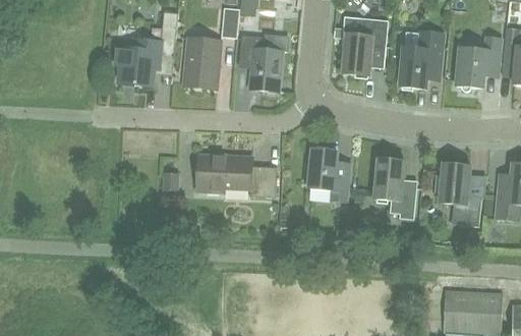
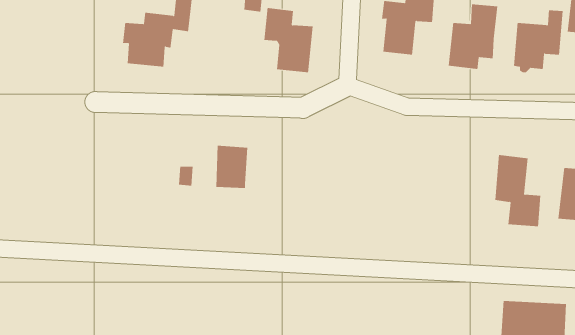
building: [183,37,221,88] -> none
building: [304,148,349,201] -> none
building: [223,156,276,198] -> none
building: [372,157,416,219] -> none

